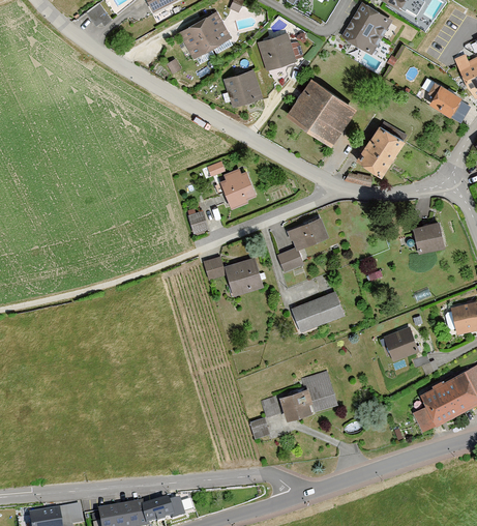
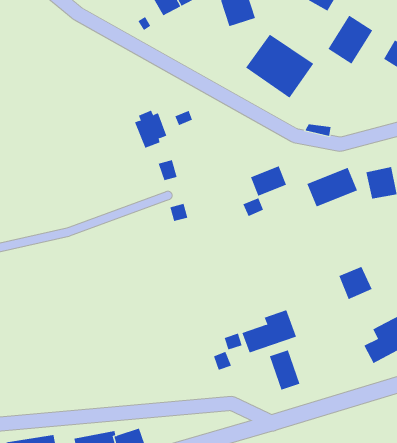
building: [225,68,265,108] -> none
building: [357,123,406,176] -> [328,15,373,64]
building: [221,169,257,210] -> [134,110,167,148]
building: [221,256,261,295] -> none
building: [288,289,342,331] -> [307,167,358,207]
building: none -> [269,349,300,391]

